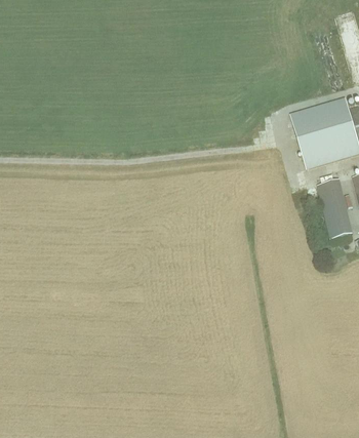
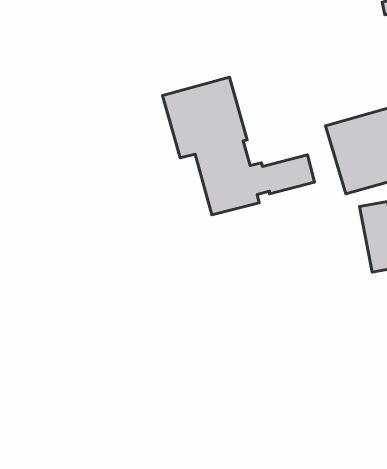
building: none -> [162,77,315,215]

